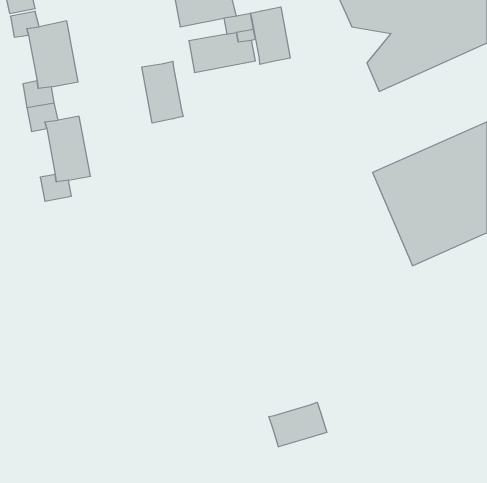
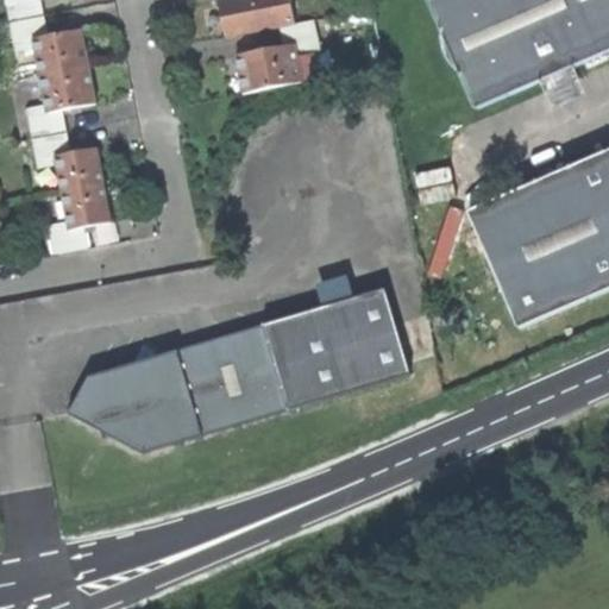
building: [251,7,290,64] -> none
building: [142,61,183,123] -> none
building: none -> [69,285,412,450]
building: [269,402,327,447] -> none

